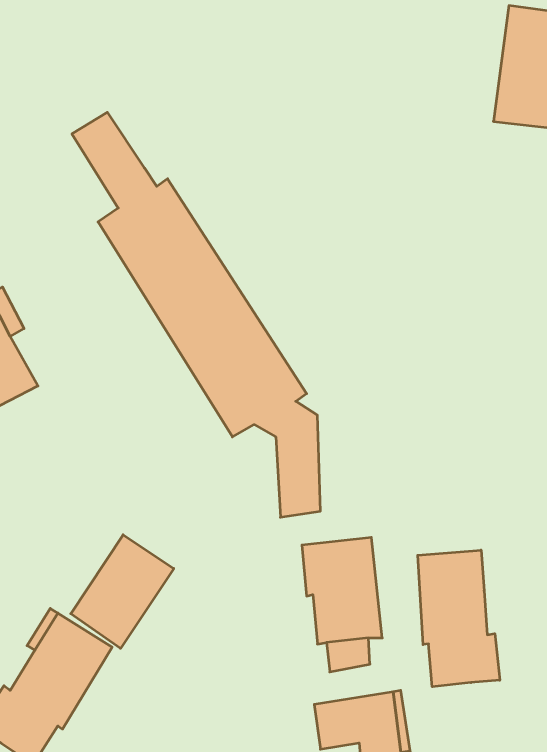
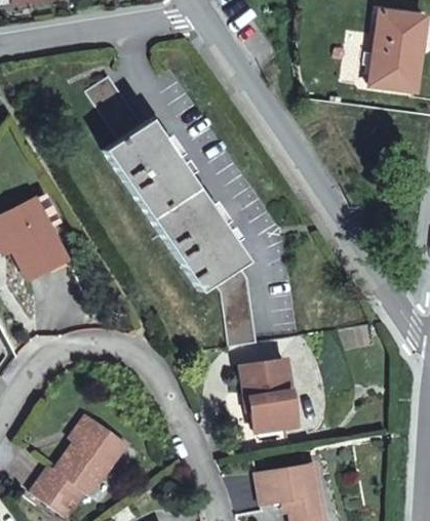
building: [71,535,174,648] -> none
building: [418,550,500,687] -> none

